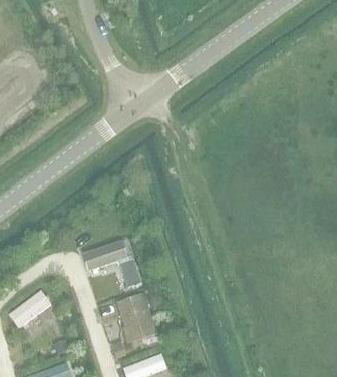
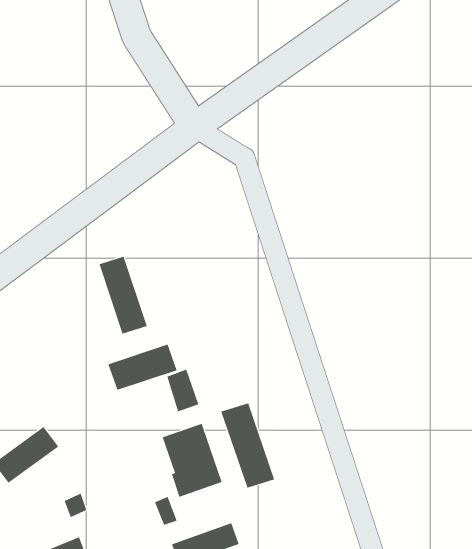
building: none -> [99,256,147,334]
building: none -> [221,402,275,489]

